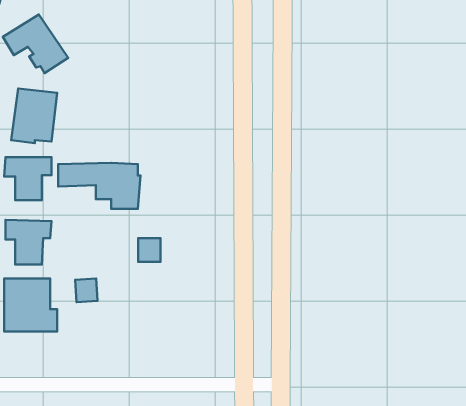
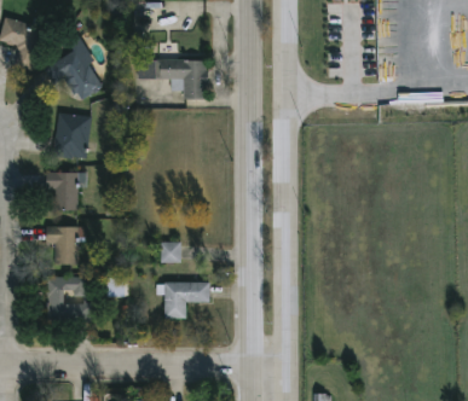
building: [58,163,141,209] -> [138,59,209,99]
building: none -> [156,283,210,319]

